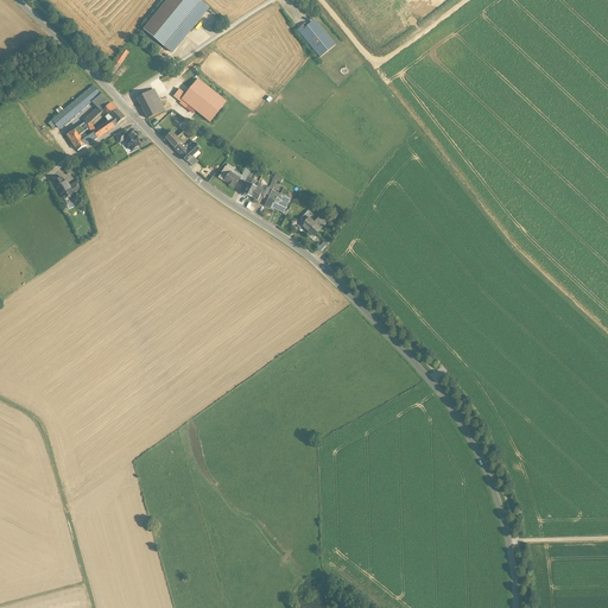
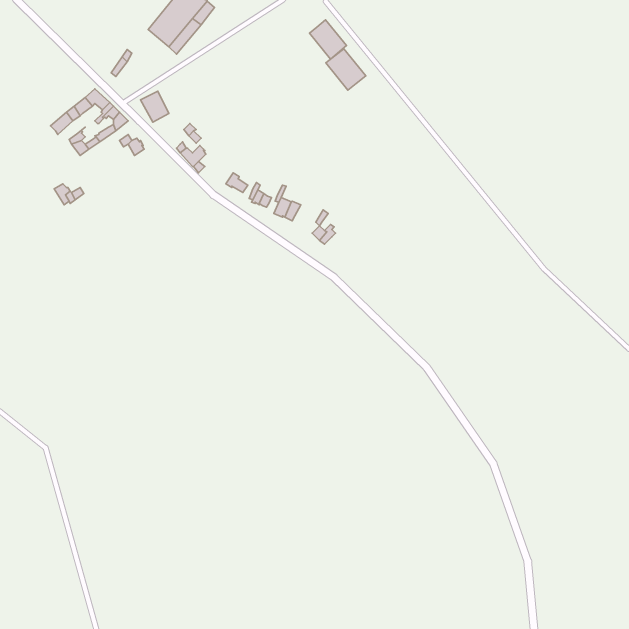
building: none -> [326,49,366,90]
building: [180,80,226,122] -> none

